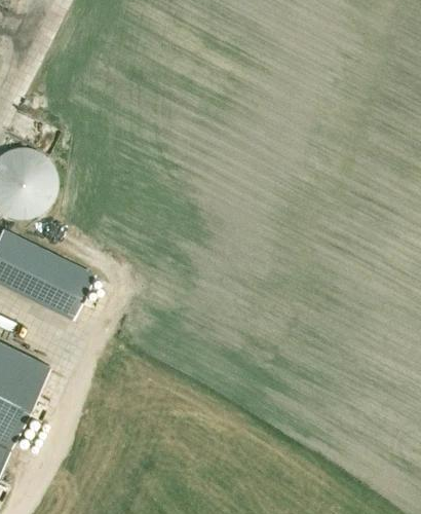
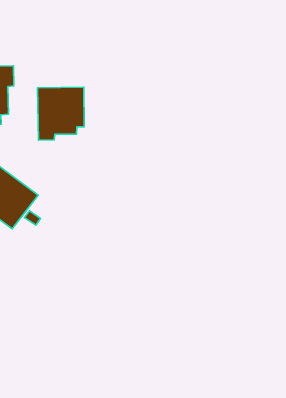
building: none -> [37,87,84,140]

